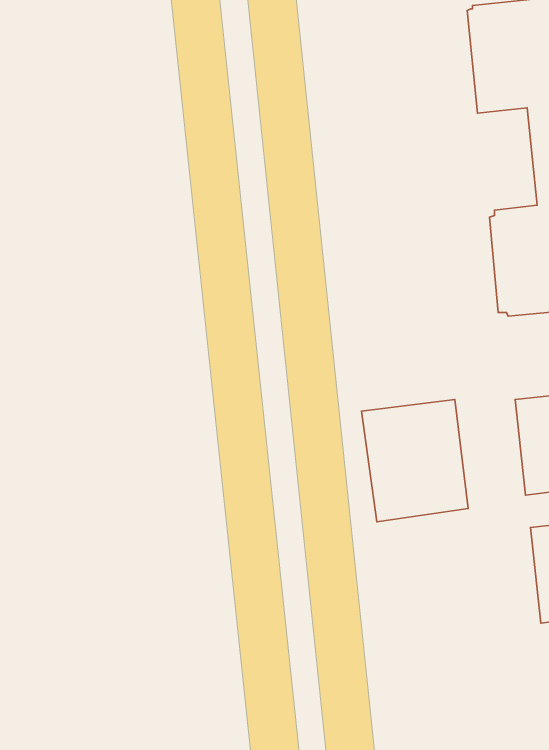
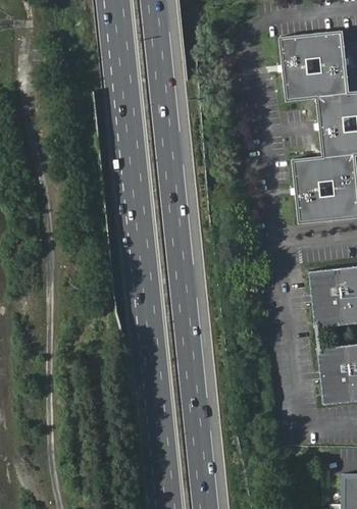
building: [361,400,468,522] -> none

